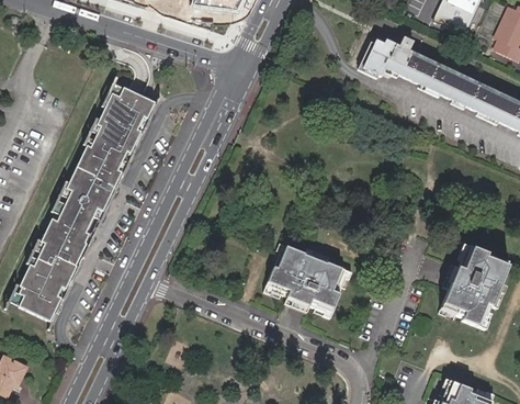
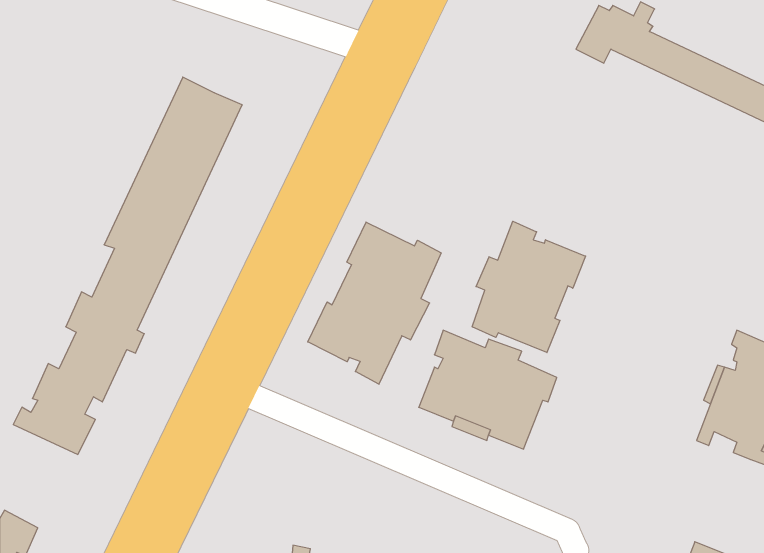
building: none -> [472,221,586,353]
building: none -> [308,222,441,384]

